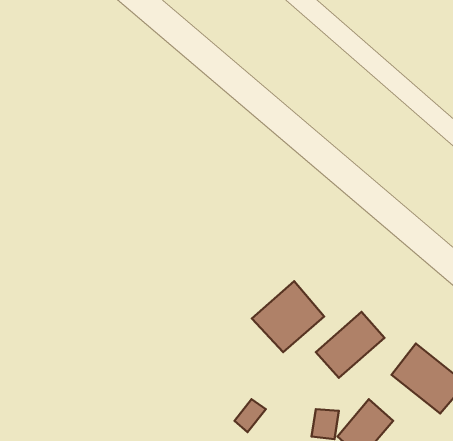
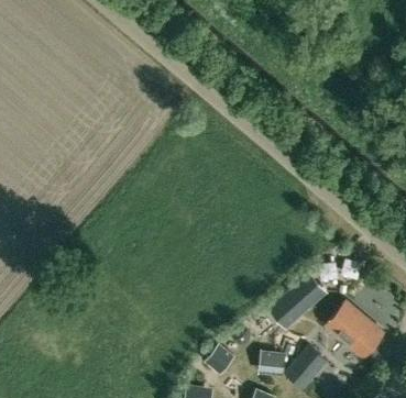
building: [252,281,324,352] -> none

